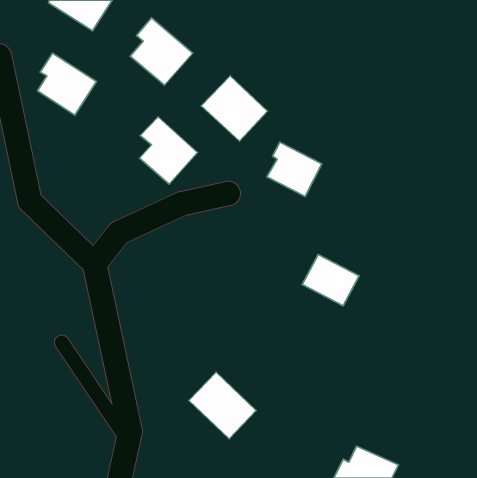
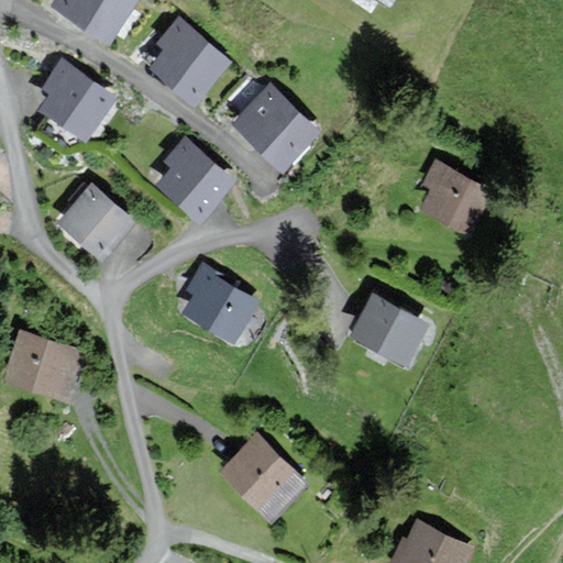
building: [267,142,322,197] -> [422,165,487,229]
building: none -> [62,187,130,254]
building: none -> [187,267,253,335]
building: none -> [9,336,77,397]

